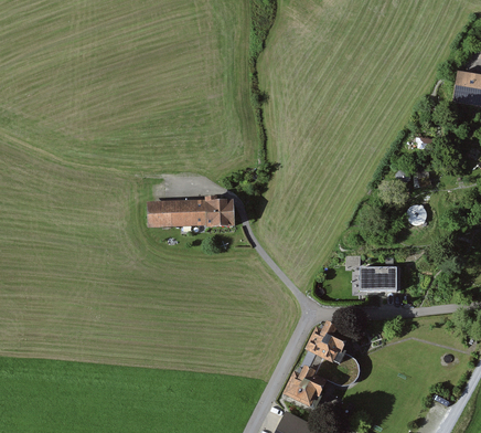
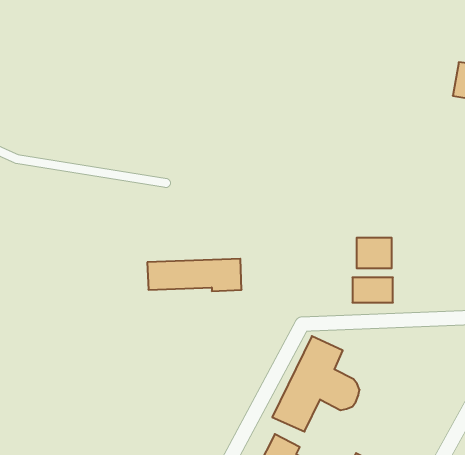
building: [147,200,234,230] -> [147,259,242,291]
building: none -> [357,238,392,268]

